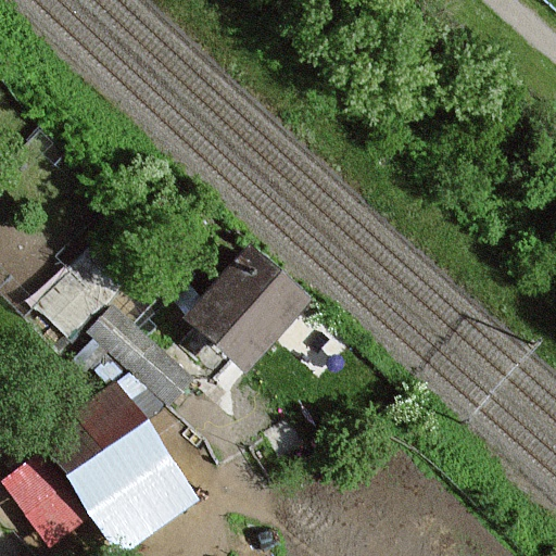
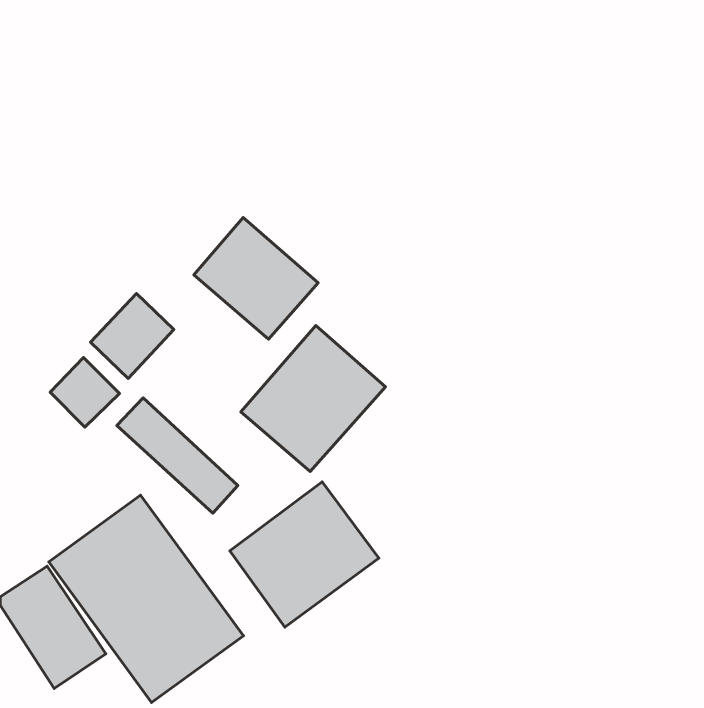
building: none -> [194,218,318,339]
building: none -> [230,482,379,627]

